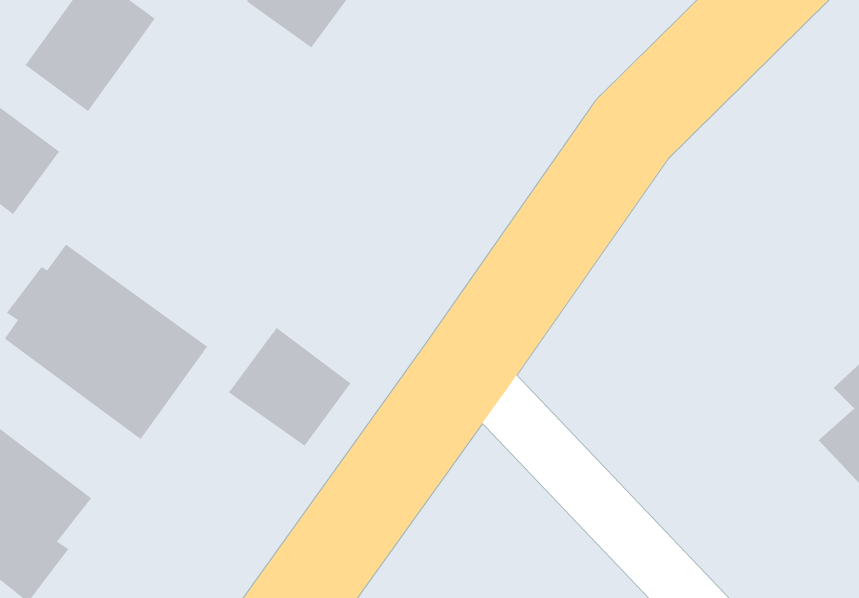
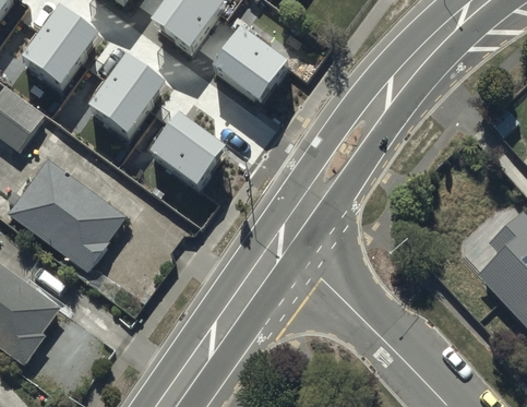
building: none -> [213,29,284,99]
building: none -> [87,52,165,133]
building: [228,327,352,447] -> [153,115,225,184]

